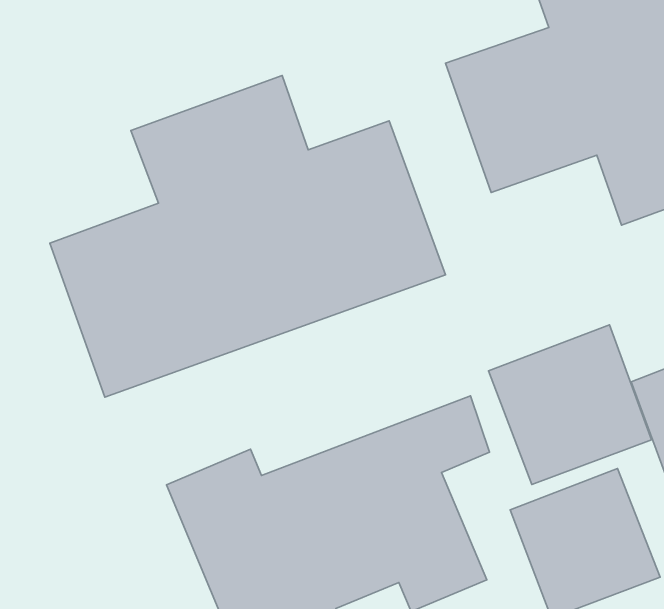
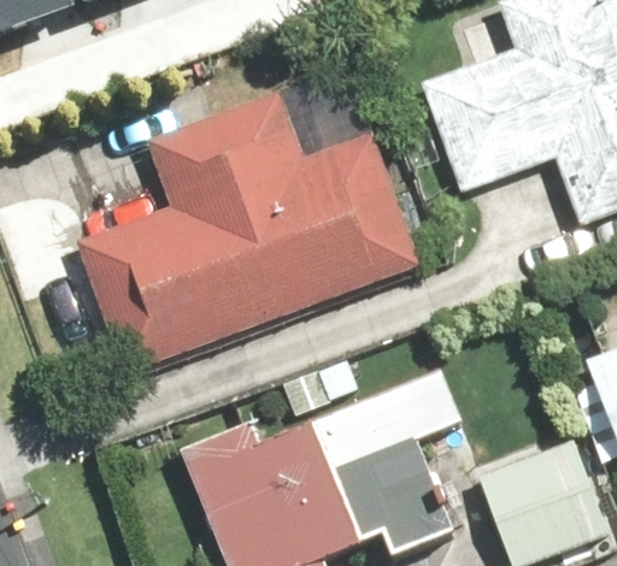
building: [489,325,652,485] -> none

